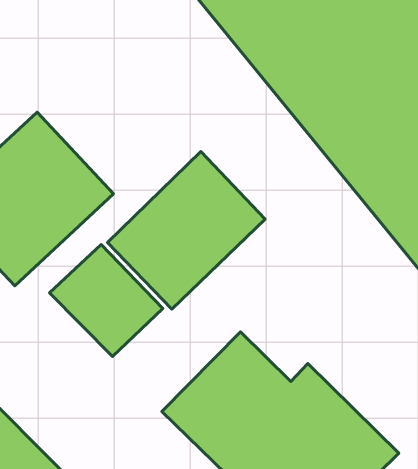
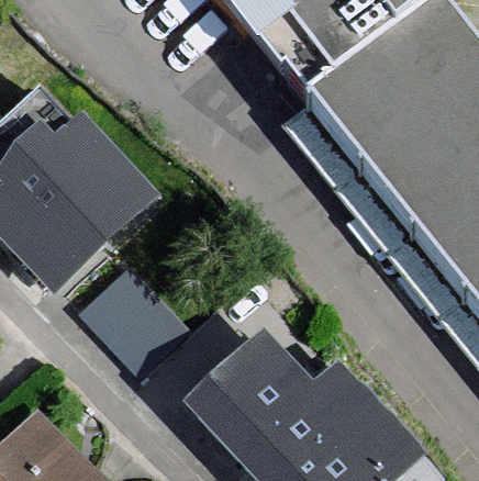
building: [107,151,265,309] -> none

